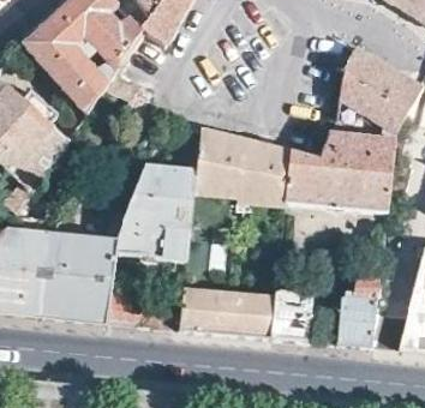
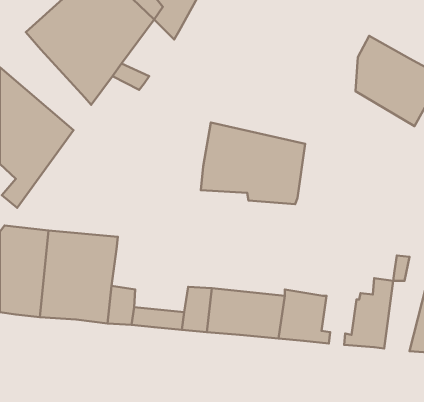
building: [287,122,396,214] -> none
building: [114,162,197,259] -> none

